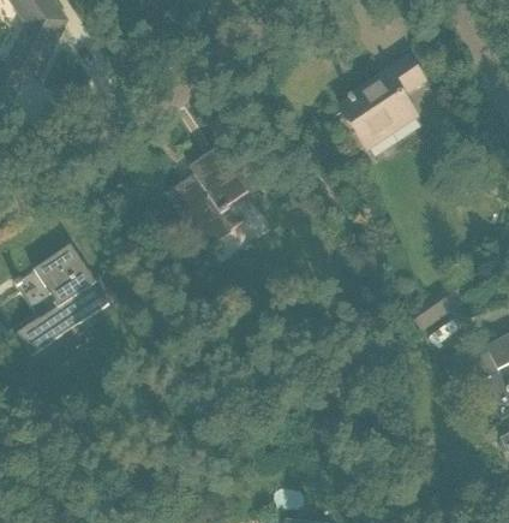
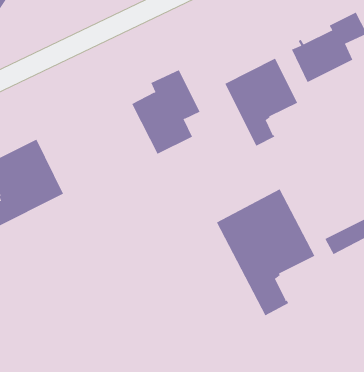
building: none -> [224,58,298,146]
building: none -> [216,189,315,316]

